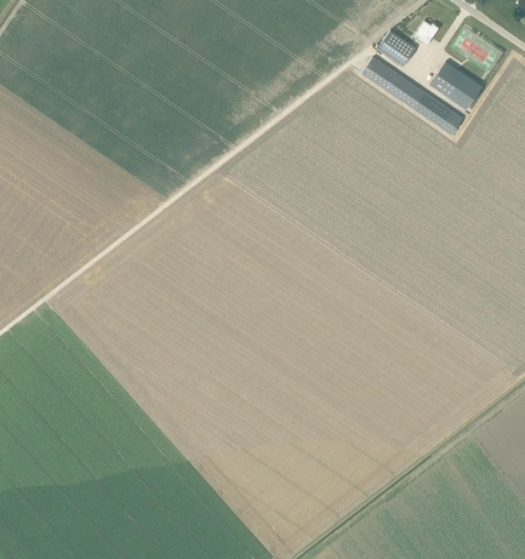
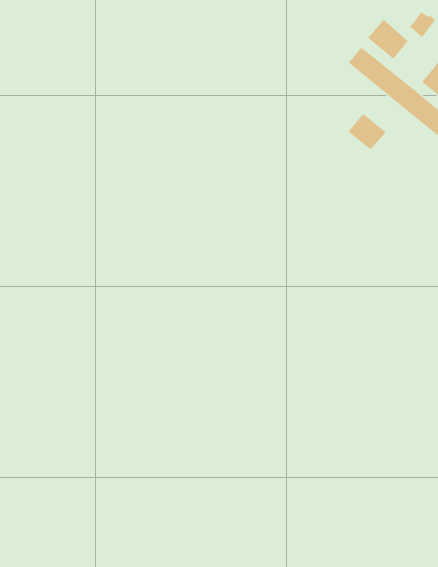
building: none -> [348,113,386,150]

